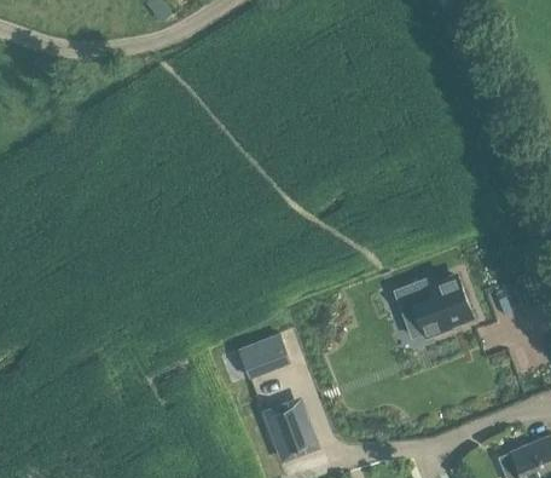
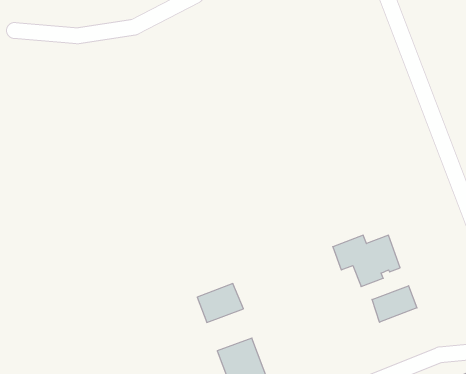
building: none -> [372,286,417,322]

